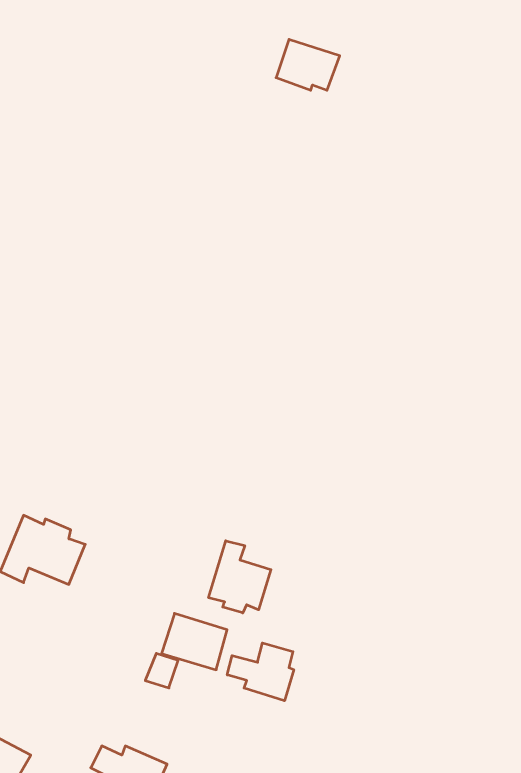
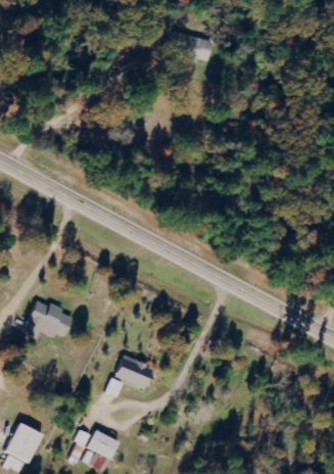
building: [209,541,271,613] -> none
building: [227,643,294,701] -> none

